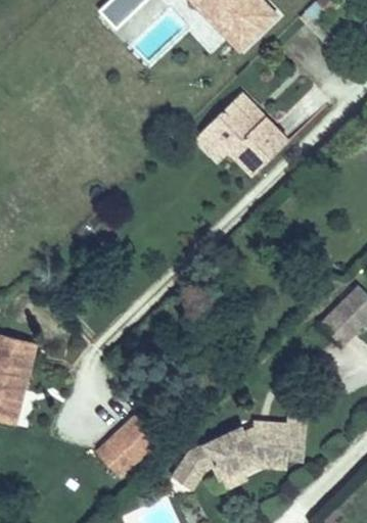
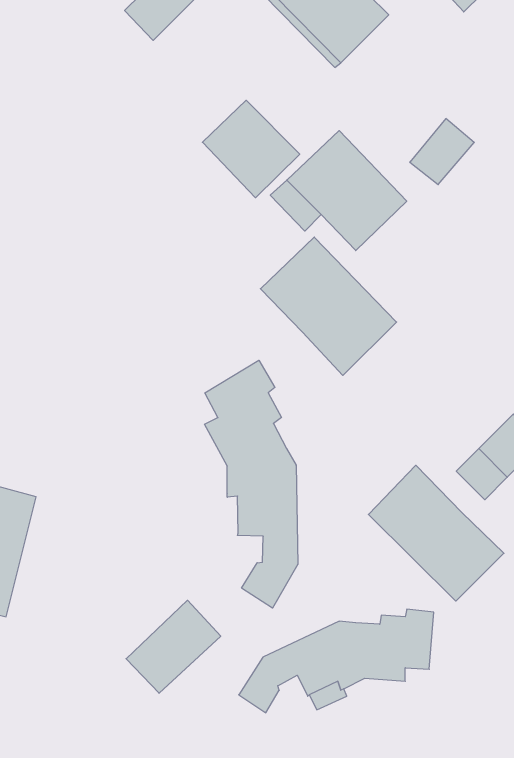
building: none -> [202,100,300,198]
building: none -> [260,237,397,375]
building: none -> [205,360,298,608]
building: none -> [368,465,504,601]

